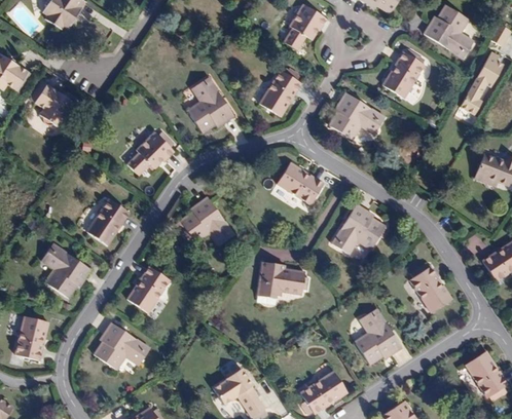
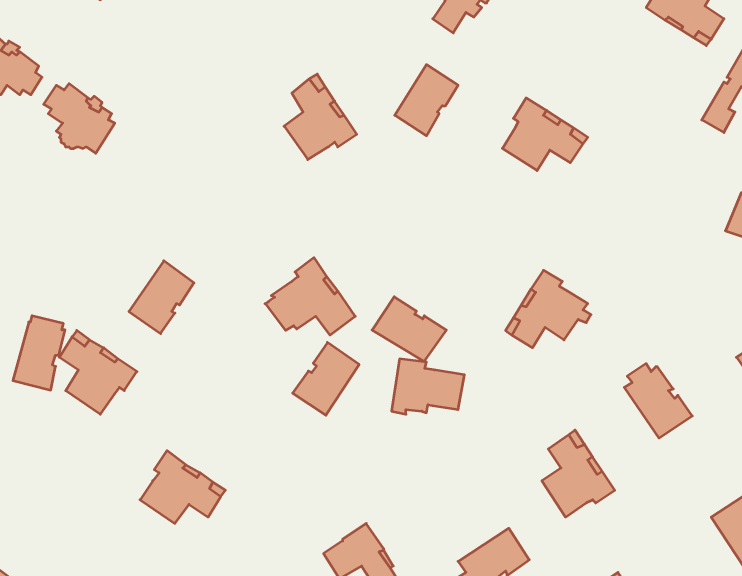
building: [382,51,425,99] -> none
building: [126,131,174,175] -> none
building: [276,162,324,204] -> [372,297,446,362]
building: [126,266,170,313] -> [293,342,359,415]
building: [14,312,48,360] -> [13,316,65,390]

